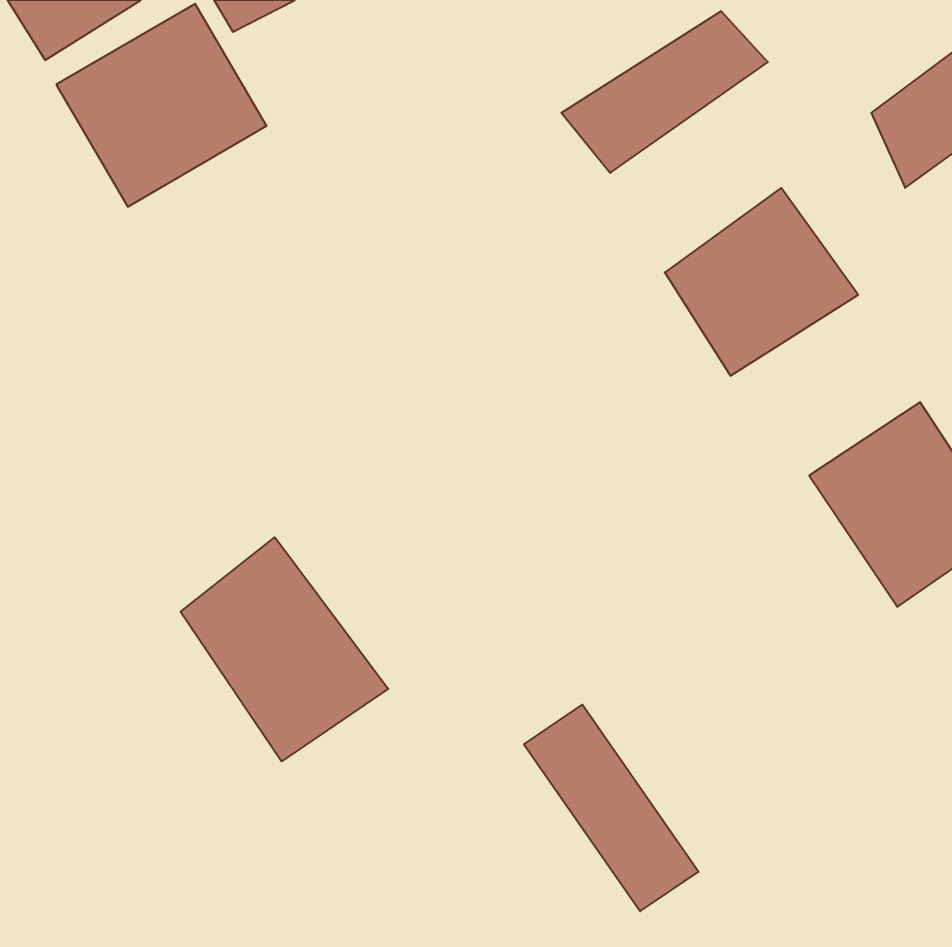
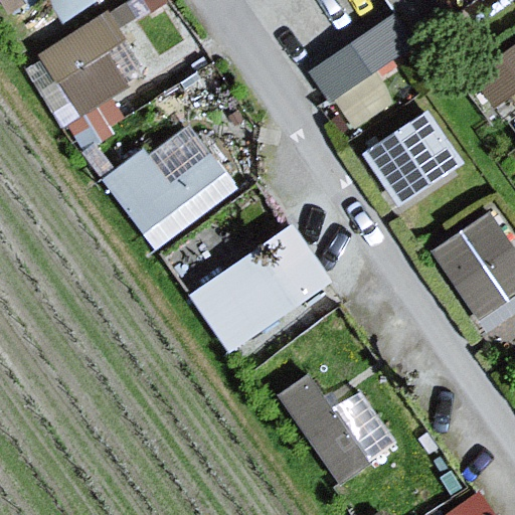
building: none -> [111,125,233,241]
building: none -> [197,234,341,363]
building: [181,537,388,761] -> none

